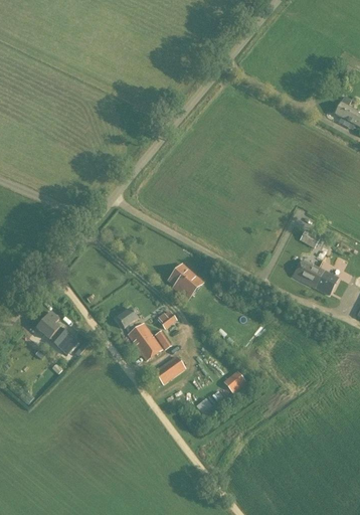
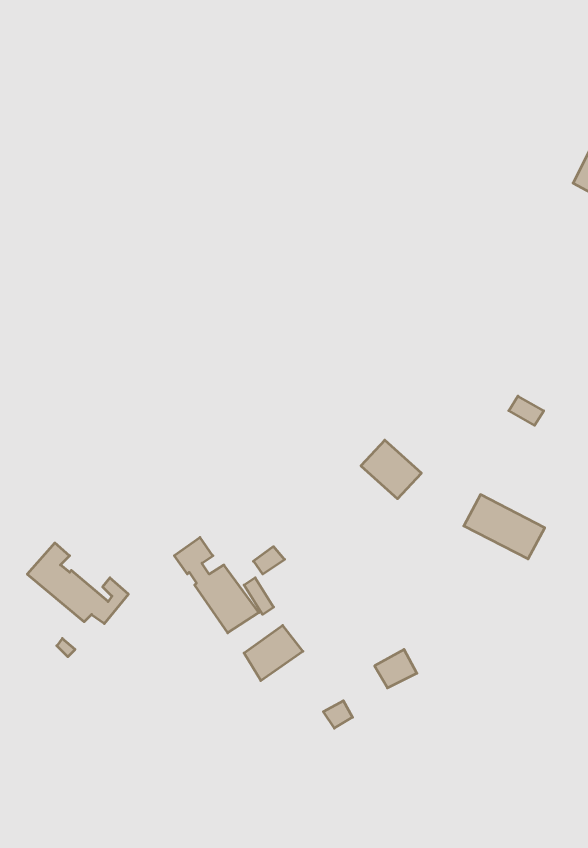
building: [293,259,337,294] -> [464,495,545,559]
building: [168,265,201,297] -> [361,440,421,499]

